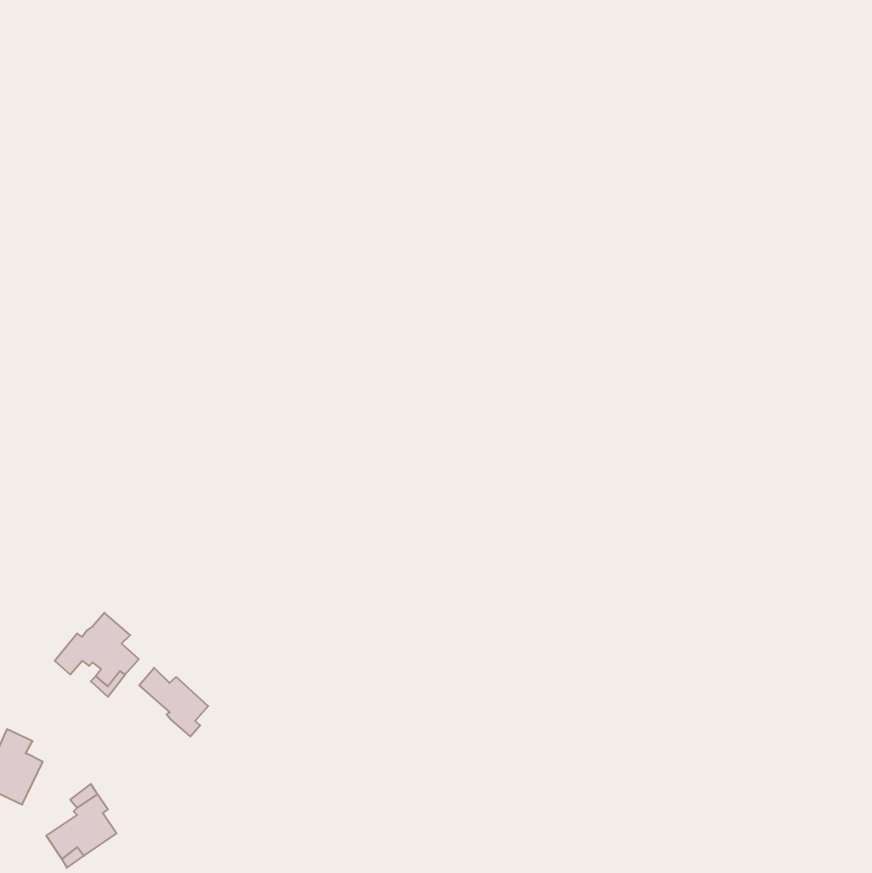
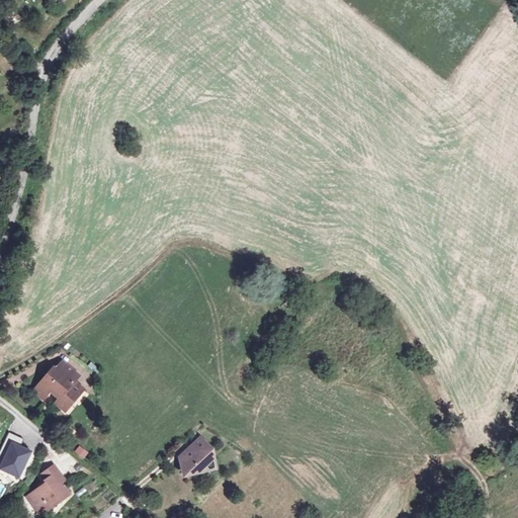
building: [139,668,208,737] -> none
building: none -> [179,433,215,472]

